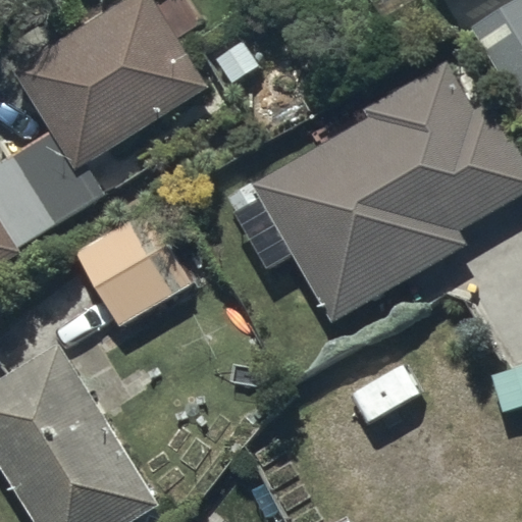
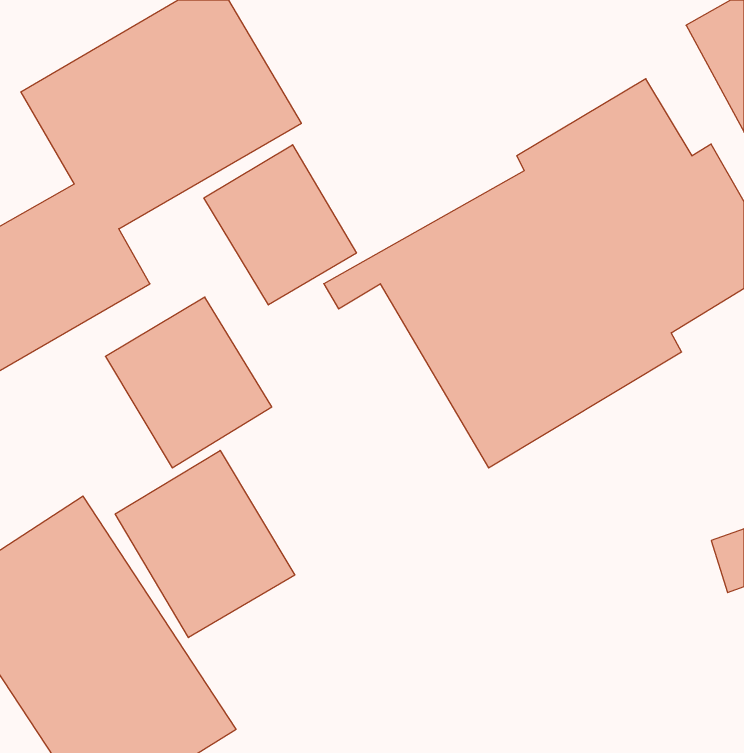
building: none -> [204,145,356,305]
building: none -> [115,450,295,638]

